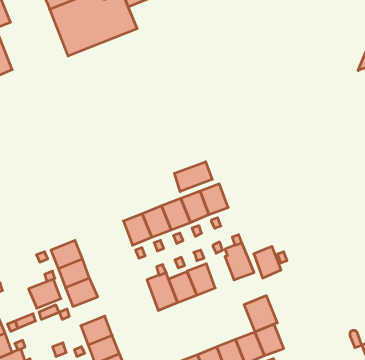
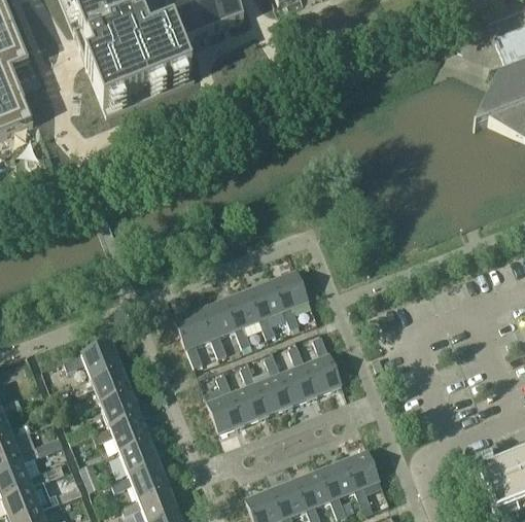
building: [174,162,212,192] -> none
building: [254,247,281,278] -> [281,363,316,404]
building: [29,279,61,308] -> [110,415,151,452]
building: [244,296,277,332] -> none

